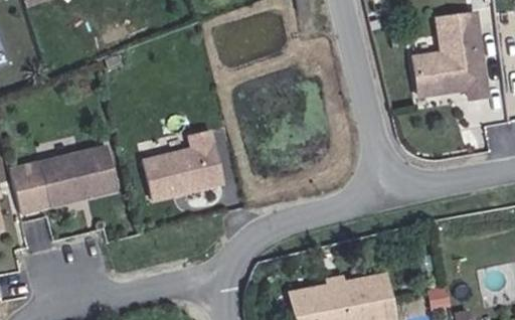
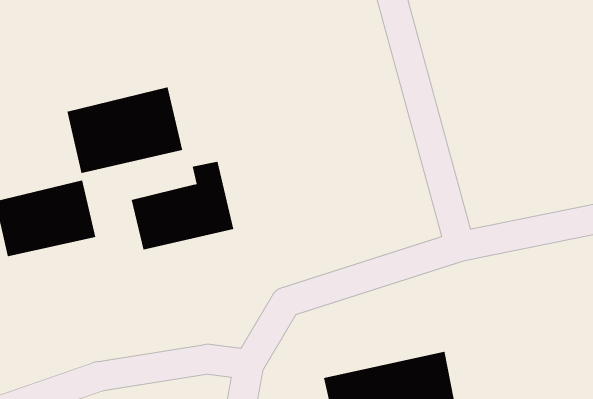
building: [415,16,488,100] -> none
building: none -> [67,87,183,174]

